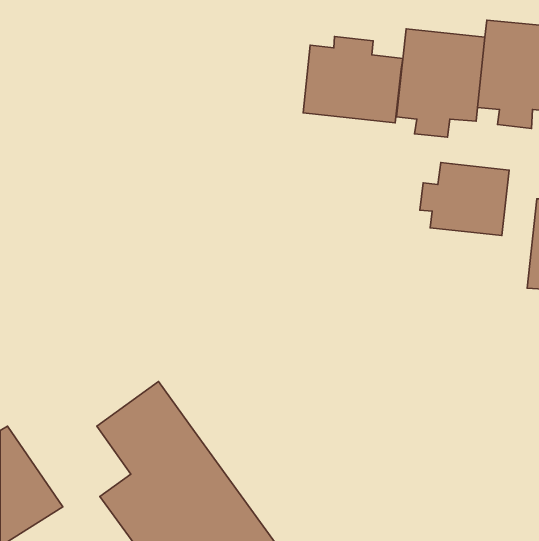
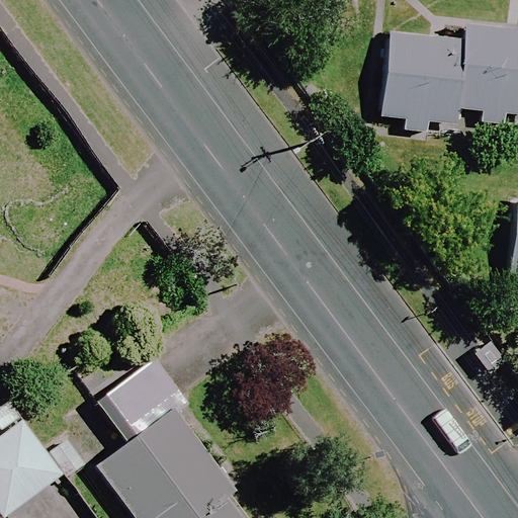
building: [303,36,403,123] -> none
building: [420,162,509,236] -> none

